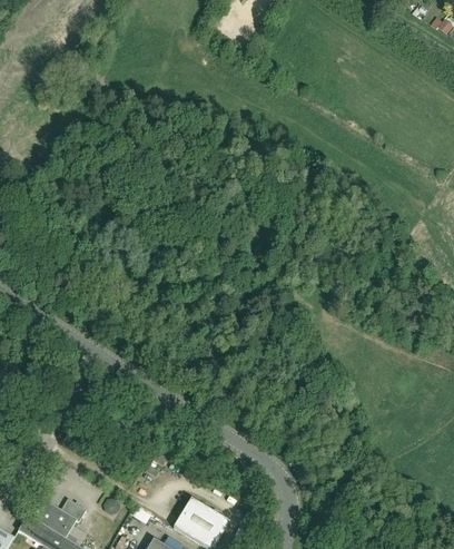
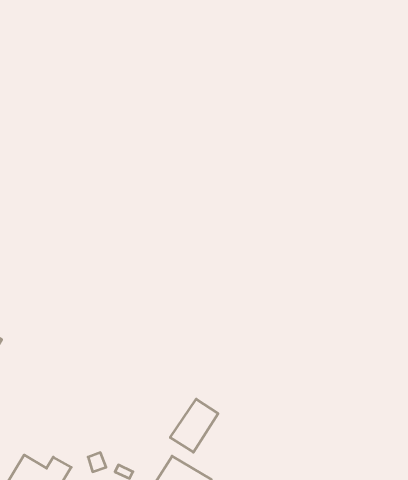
building: none -> [170,399,218,452]

